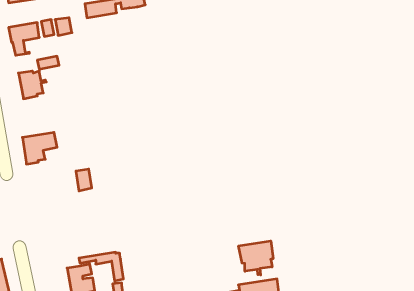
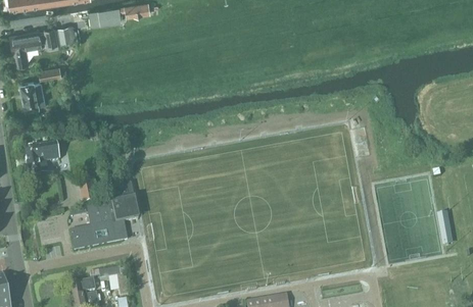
building: none -> [70,183,139,249]
building: [239,241,273,275] -> none

